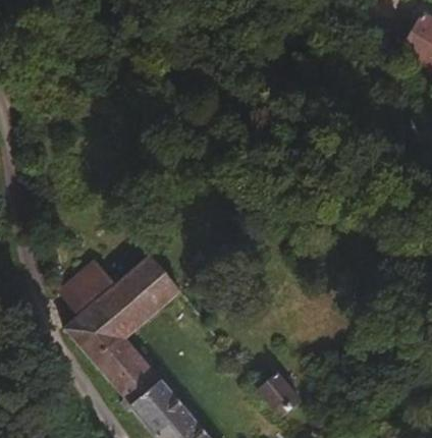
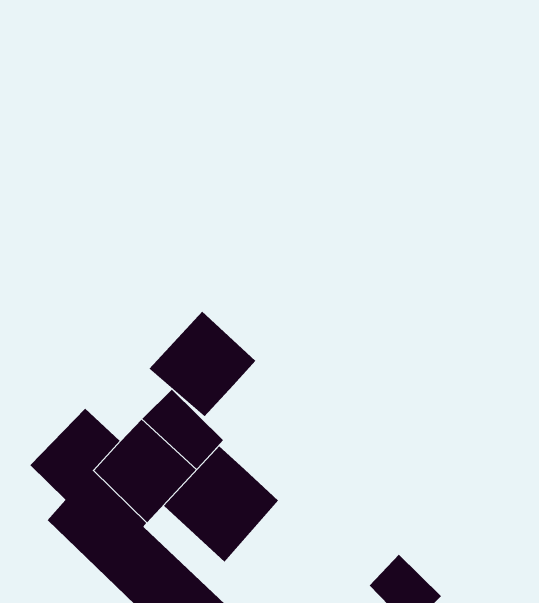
building: none -> [149,311,256,417]
building: none -> [163,446,279,563]

